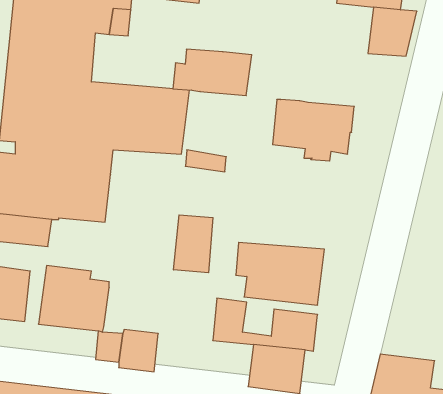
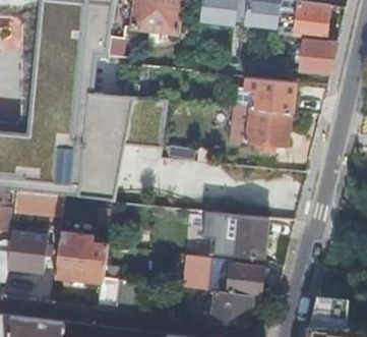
building: [173,49,252,96] -> [236,76,295,111]
building: [174,215,213,273] -> none

